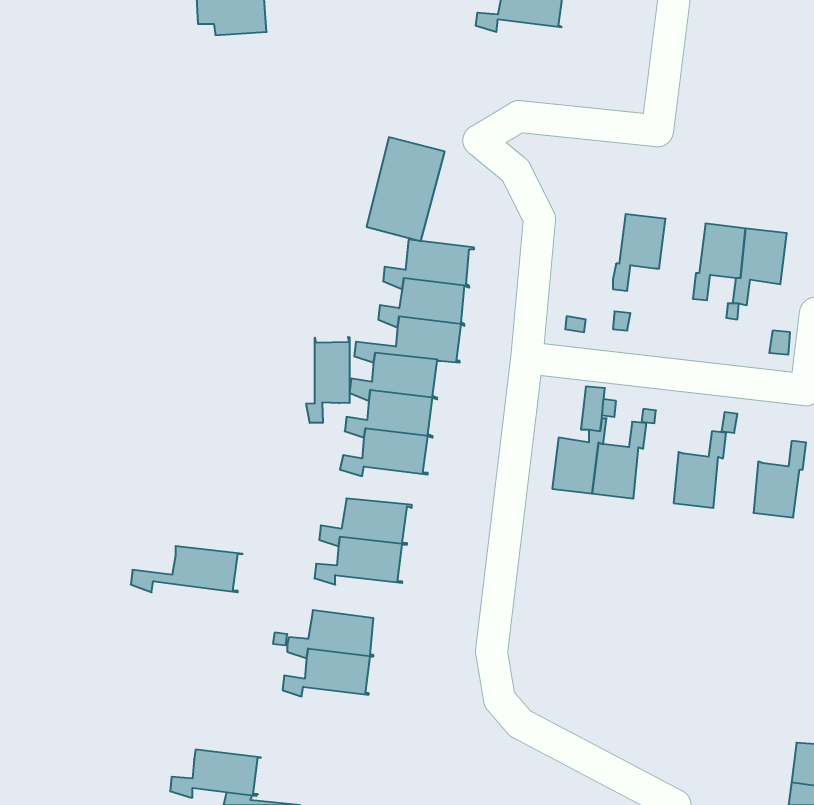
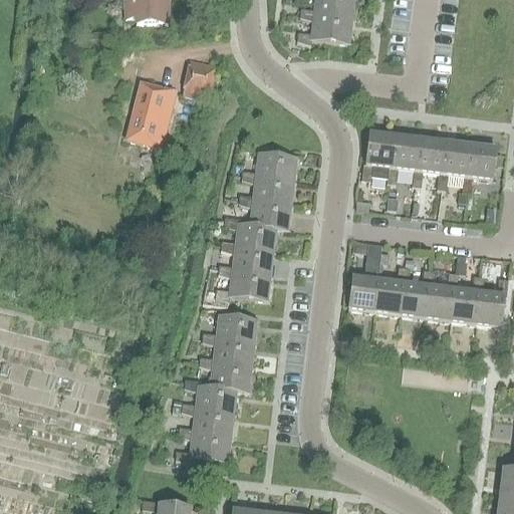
building: none -> [297,12,354,43]
building: none -> [182,58,216,97]
building: [367,137,445,241] -> [126,80,176,146]
building: none -> [361,132,395,180]
building: none -> [412,138,445,186]
building: [306,337,350,423] -> none
building: none -> [400,268,433,316]
building: none -> [450,274,483,322]
building: [131,546,243,592] -> [184,361,254,391]
building: [170,750,261,798] -> [176,432,233,462]

